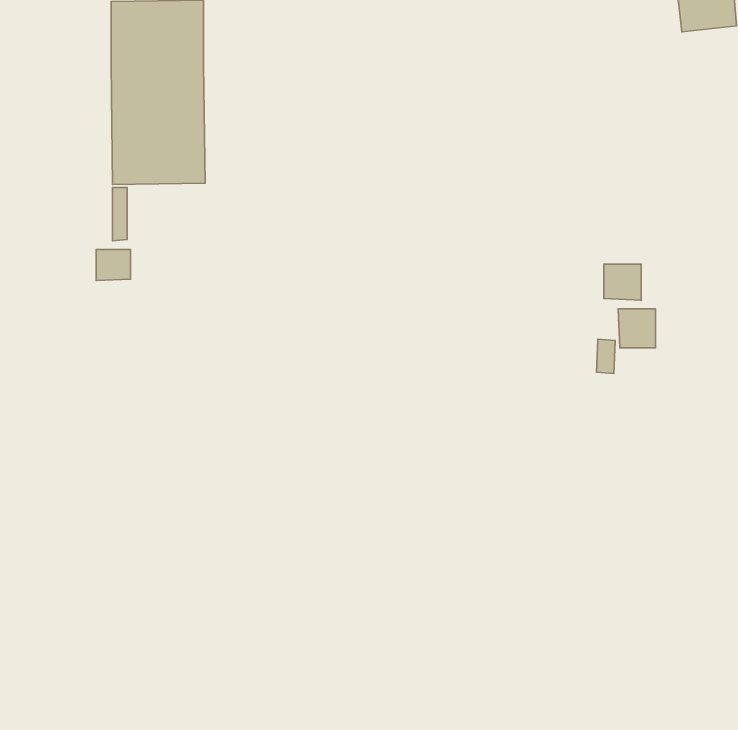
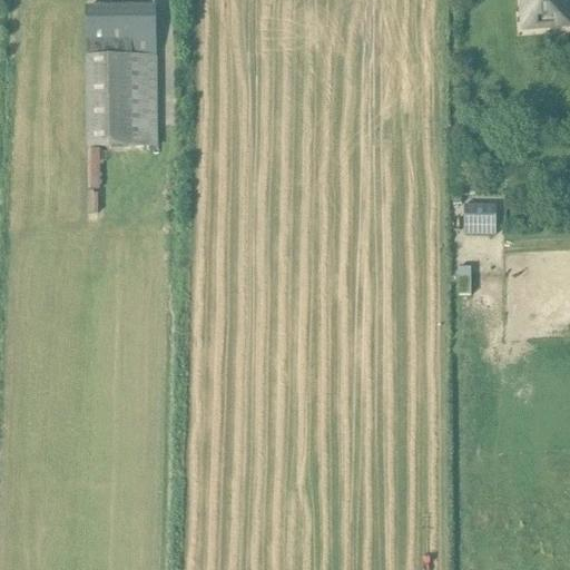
building: [96,249,131,281] -> none
building: [618,309,655,348] -> none

